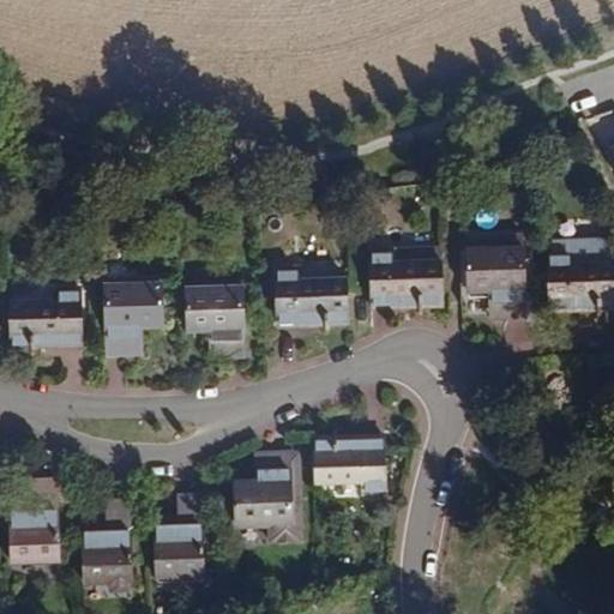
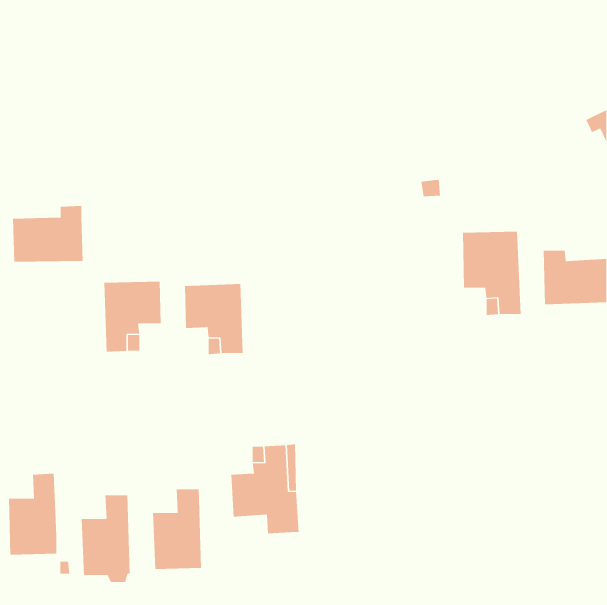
building: [369,249,443,311] -> none
building: [276,269,348,325] -> none
building: [10,290,82,348] -> [12,205,83,262]
building: [314,439,386,495] -> none

